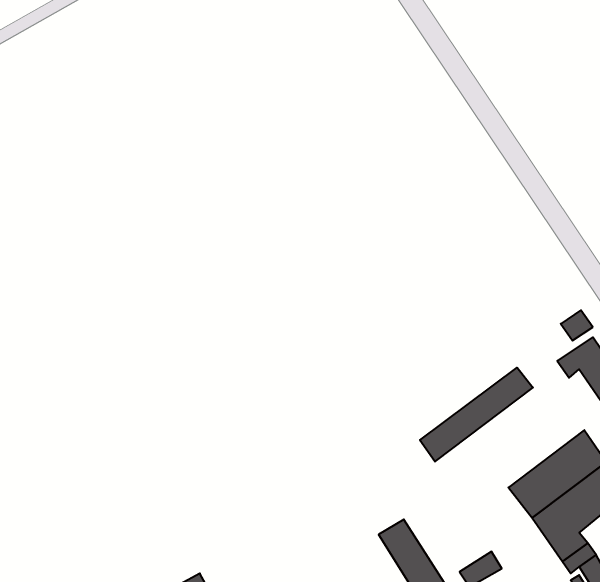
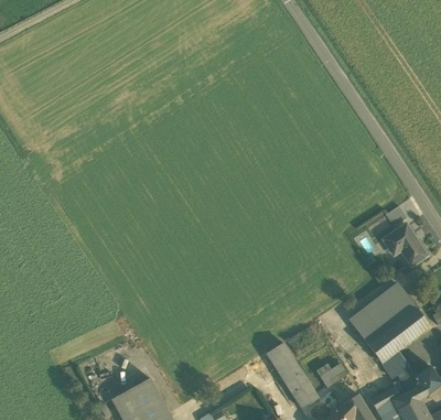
building: [420,368,533,462] -> none

